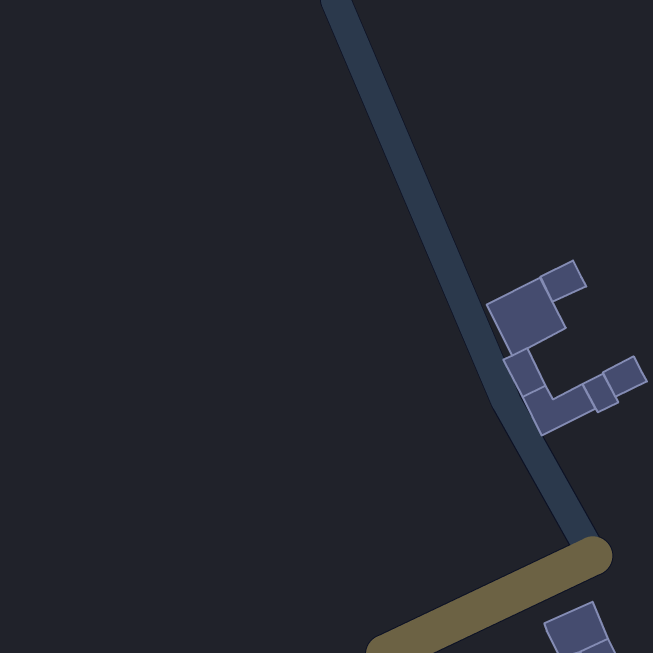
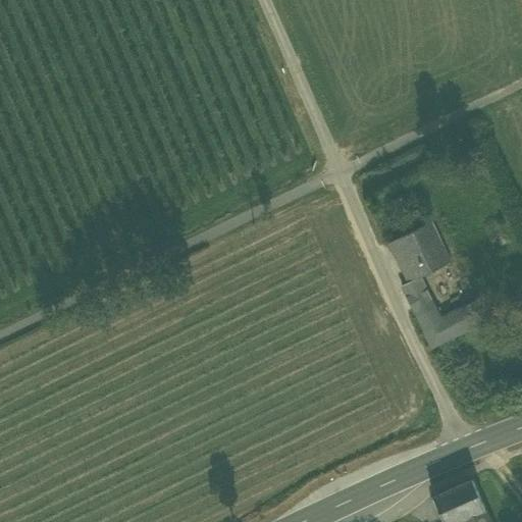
building: [540,260,586,302] -> none
building: [603,356,647,397] -> none

